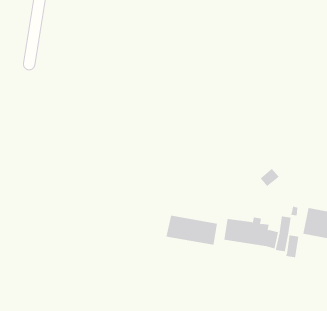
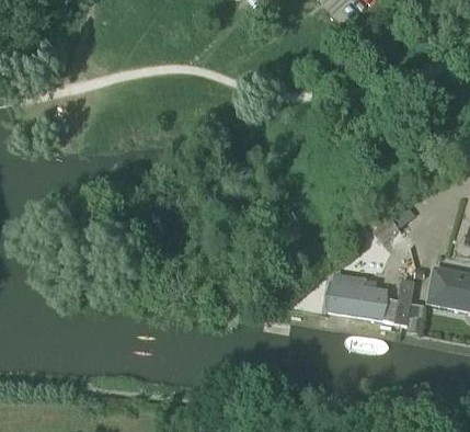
building: [166,215,218,246] -> none

